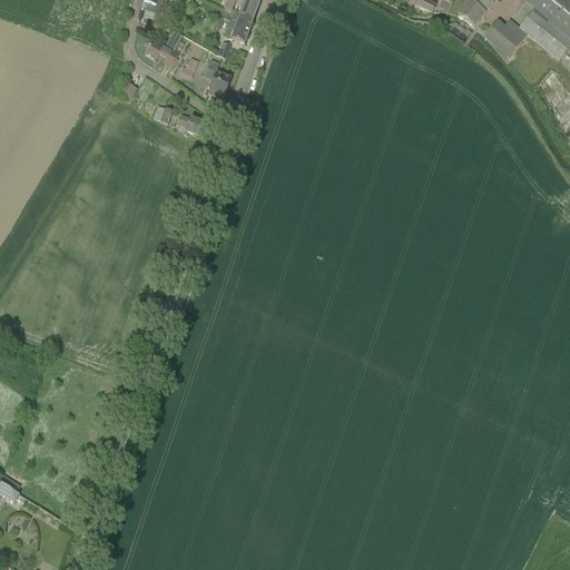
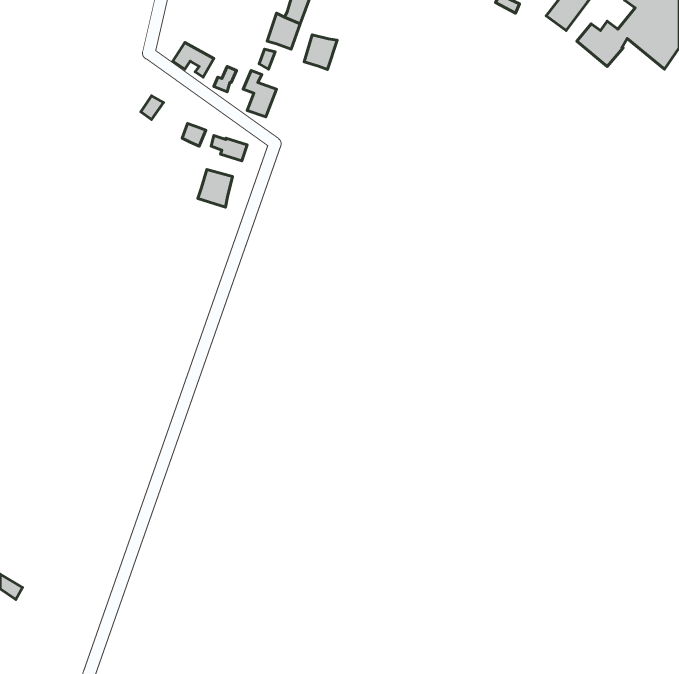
building: none -> [304,35,337,70]
building: none -> [198,169,233,207]

